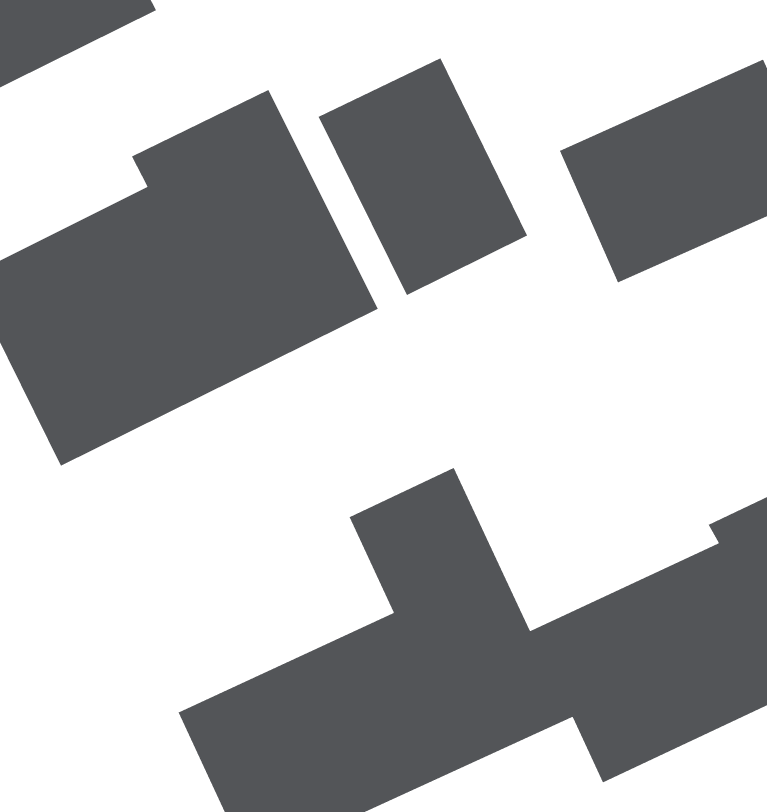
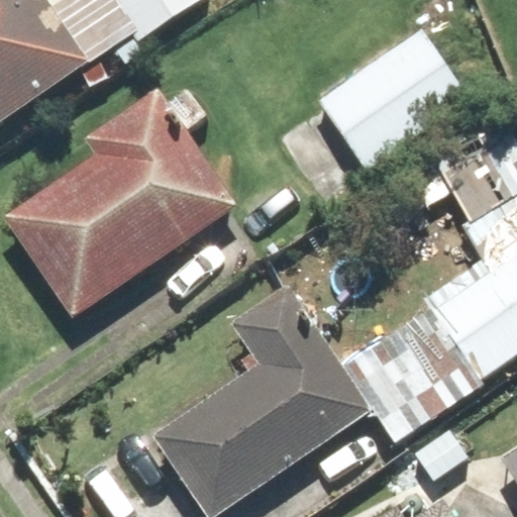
building: [318,57,528,296] -> none

